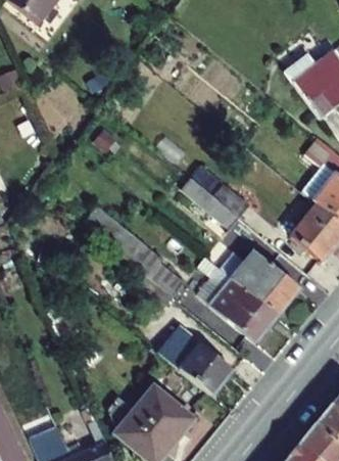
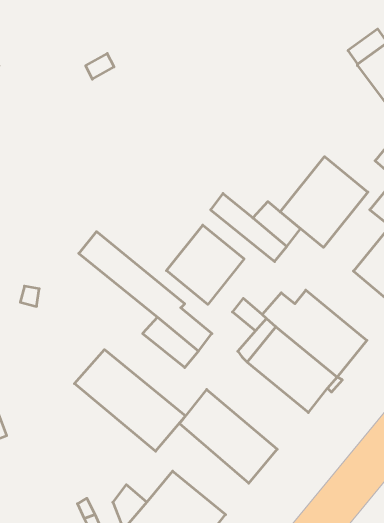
building: none -> [280,157,368,247]
building: none -> [166,225,244,304]
building: none -> [74,350,185,451]

